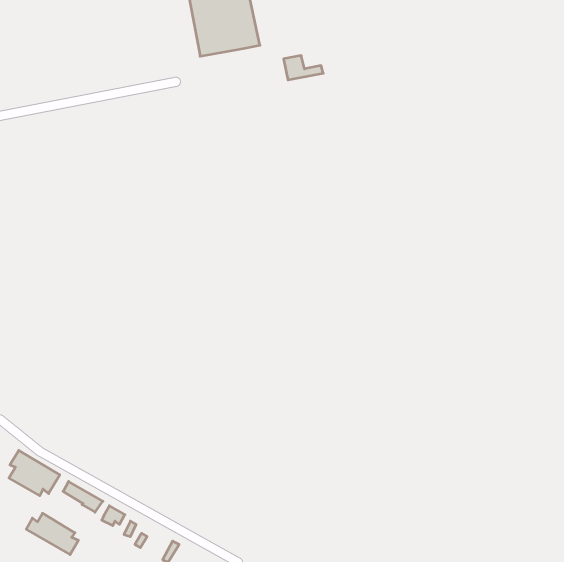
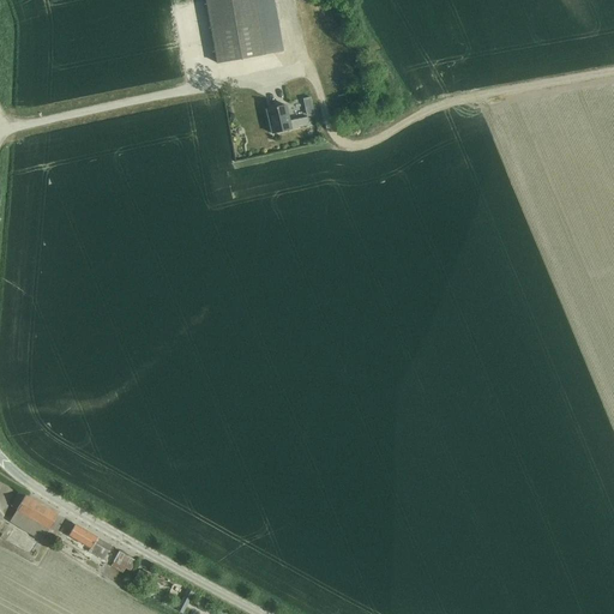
building: [284,56,323,80] -> [267,104,311,131]
building: [26,513,78,555] -> none

